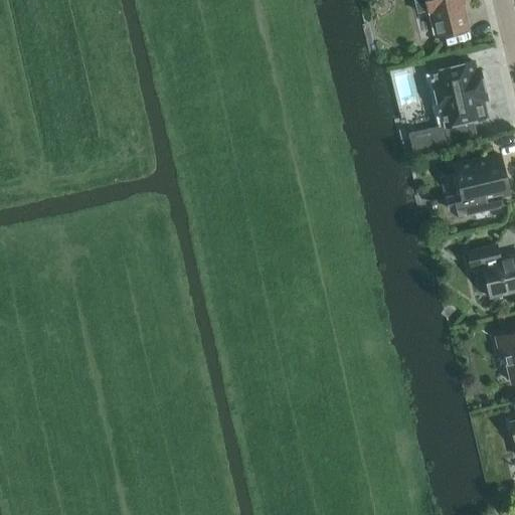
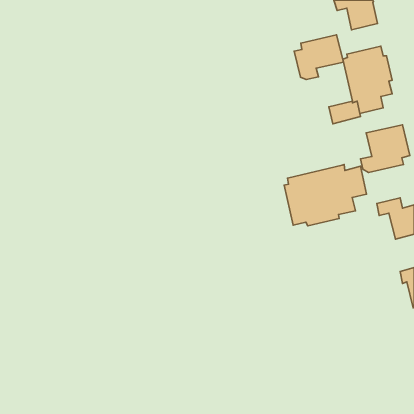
building: none -> [294,35,343,80]
building: none -> [284,164,367,226]

